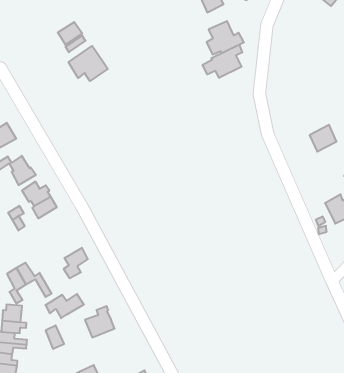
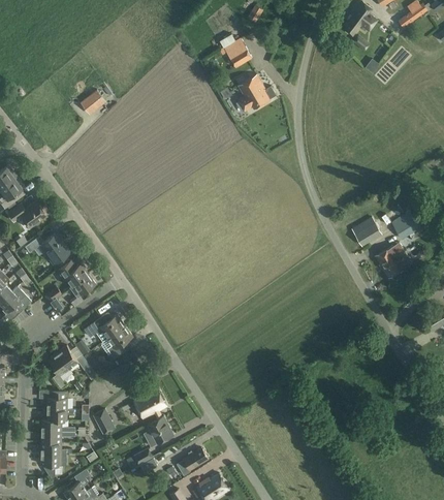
building: [203,45,242,78] -> none
building: [69,46,108,81] -> none
building: [310,125,337,152] -> [353,218,382,247]
building: [45,294,84,318] -> [85,315,125,342]
building: none -> [144,416,173,447]

